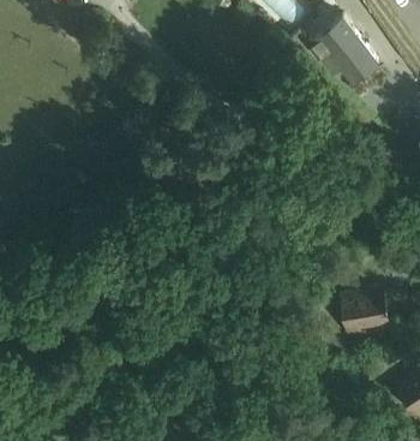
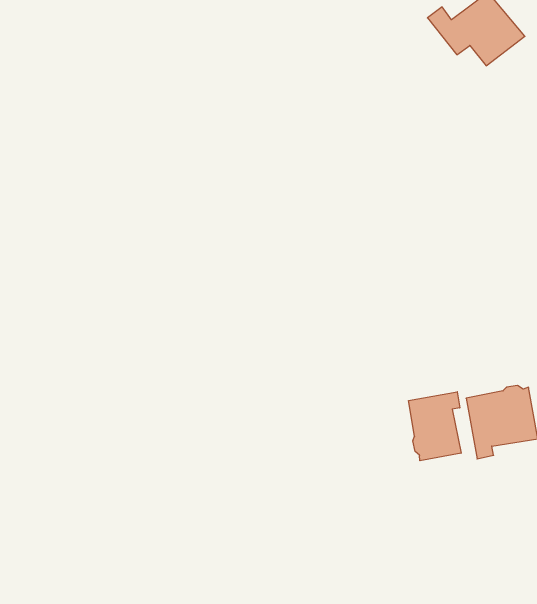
building: none -> [409,392,461,461]

